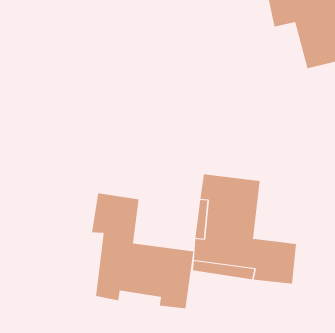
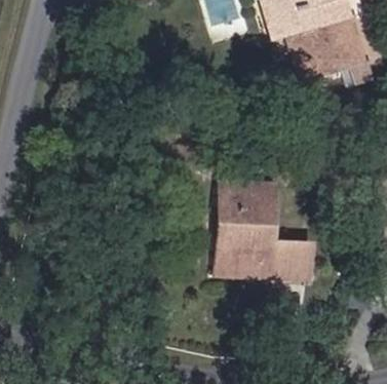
building: [91,193,194,309] -> none

